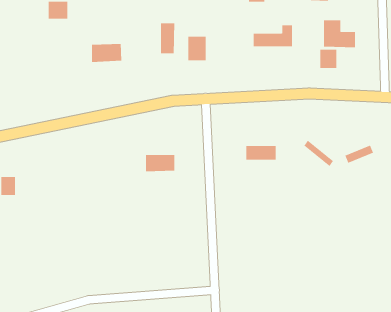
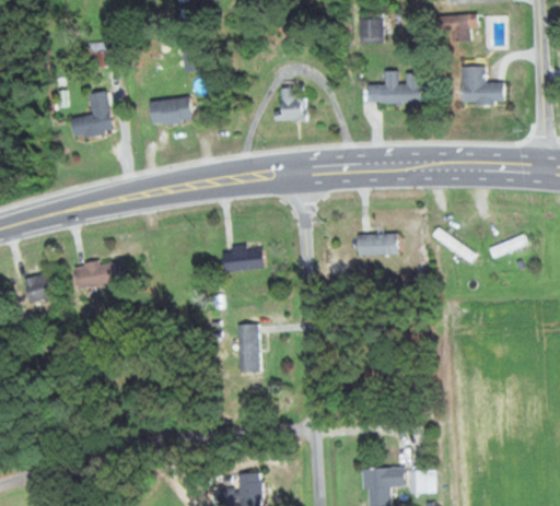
building: [160,22,175,54] -> none
building: none -> [70,91,113,138]
building: [320,49,337,69] -> none
building: none -> [74,262,115,286]
building: none -> [237,323,260,369]

